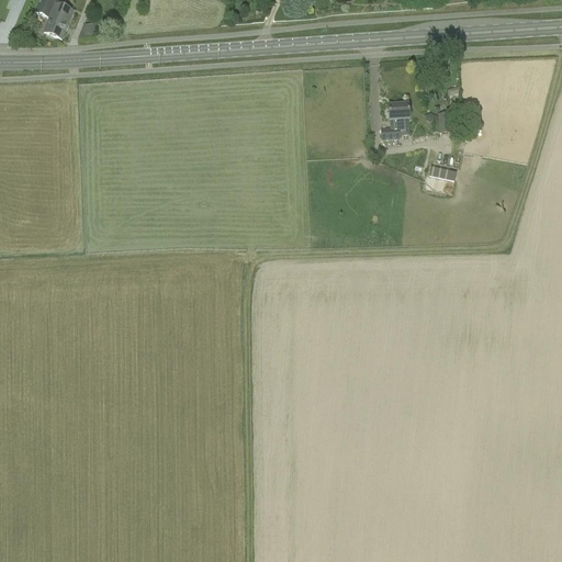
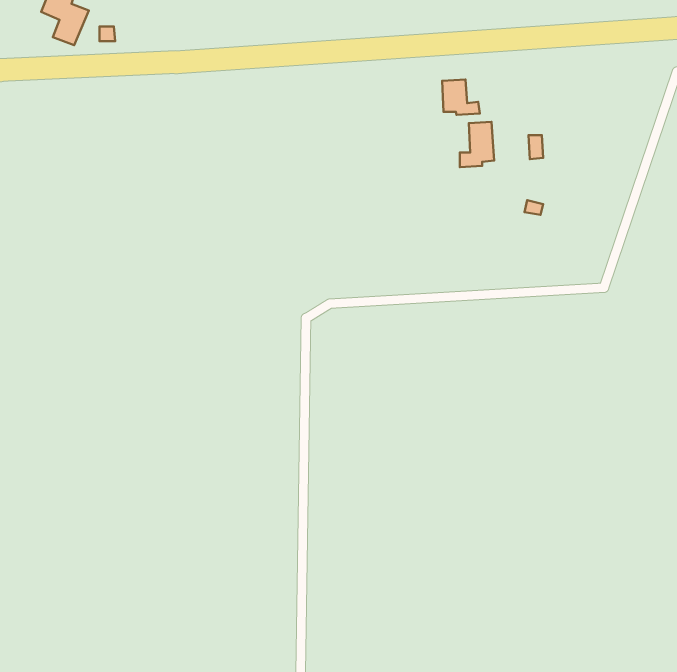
building: none -> [442,80,480,115]

